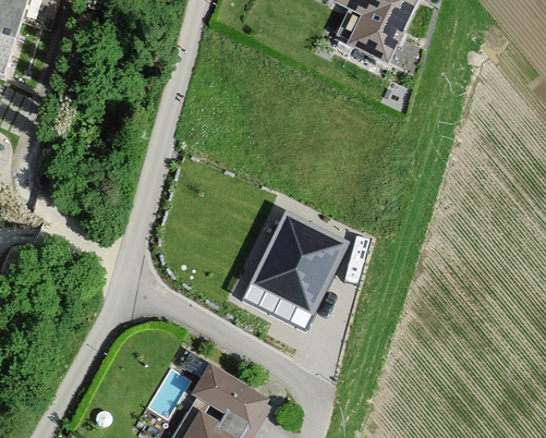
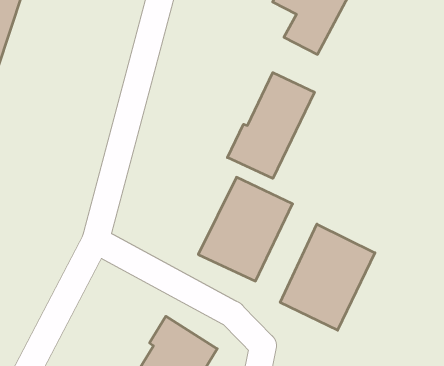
building: none -> [227,73,314,178]
building: none -> [280,224,375,330]

